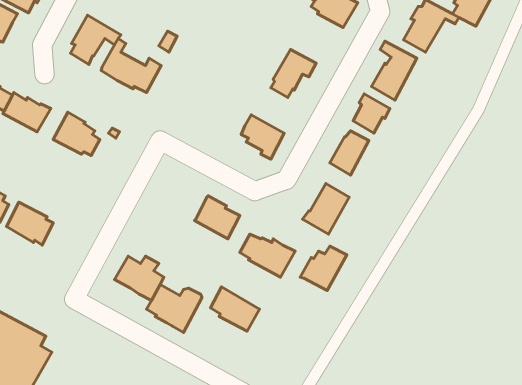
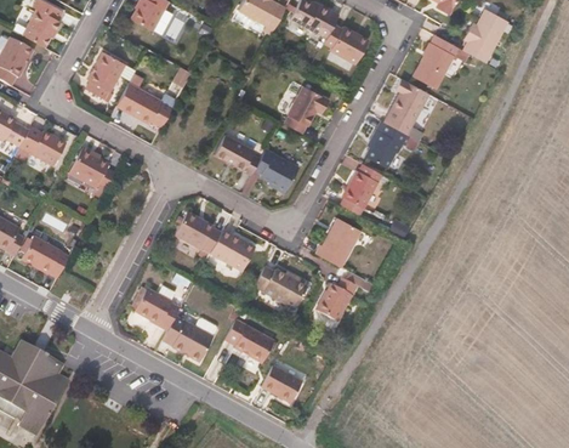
building: none -> [214,134,258,174]
building: none -> [173,211,221,251]
building: none -> [261,365,302,403]

